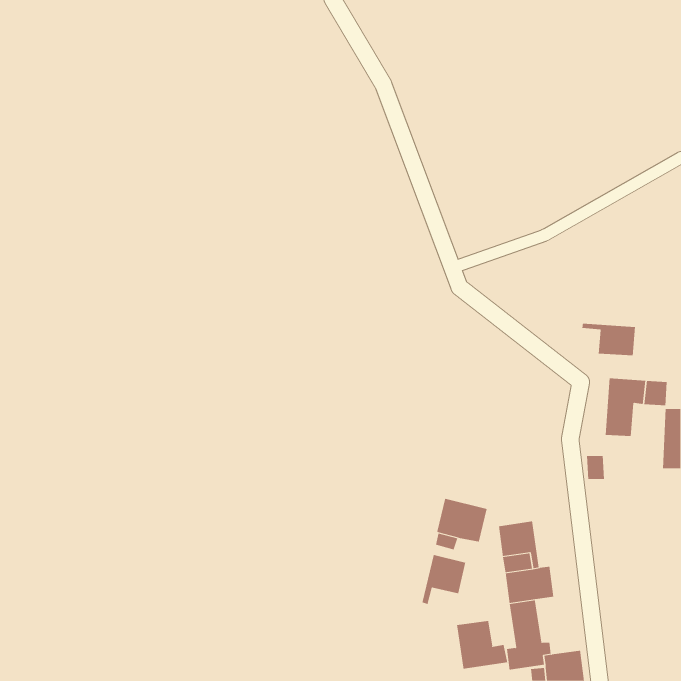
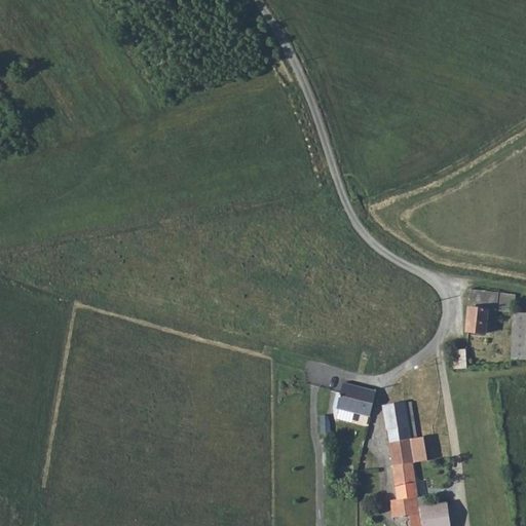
building: [582,323,636,356] -> none
building: [422,554,466,605] -> none
building: [457,620,508,669] -> none

